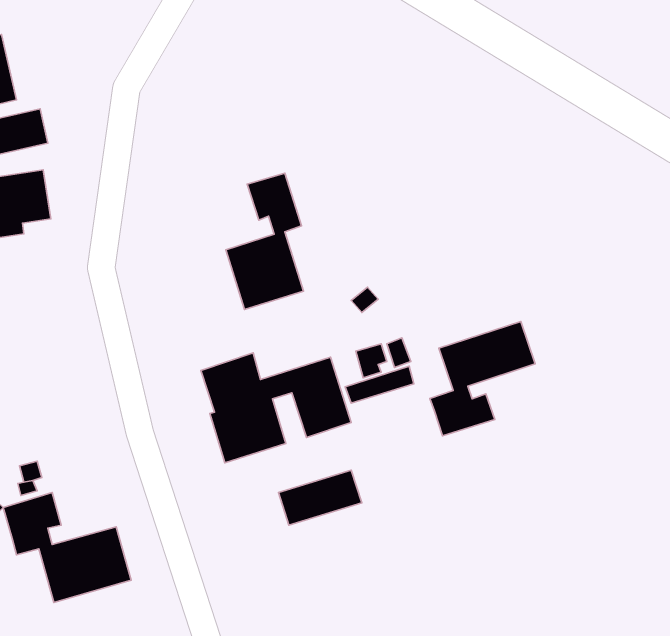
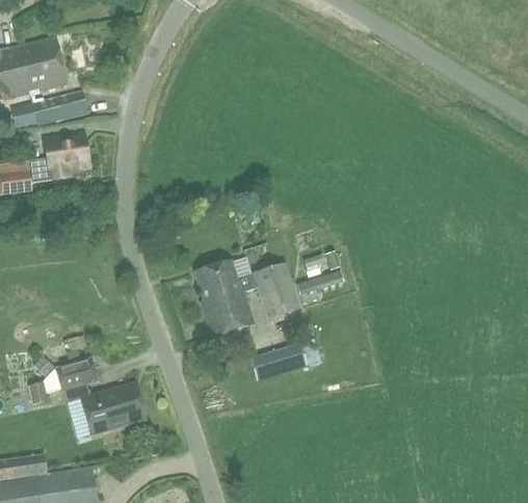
building: [226,173,304,309] -> none
building: [430,322,535,436] -> none

